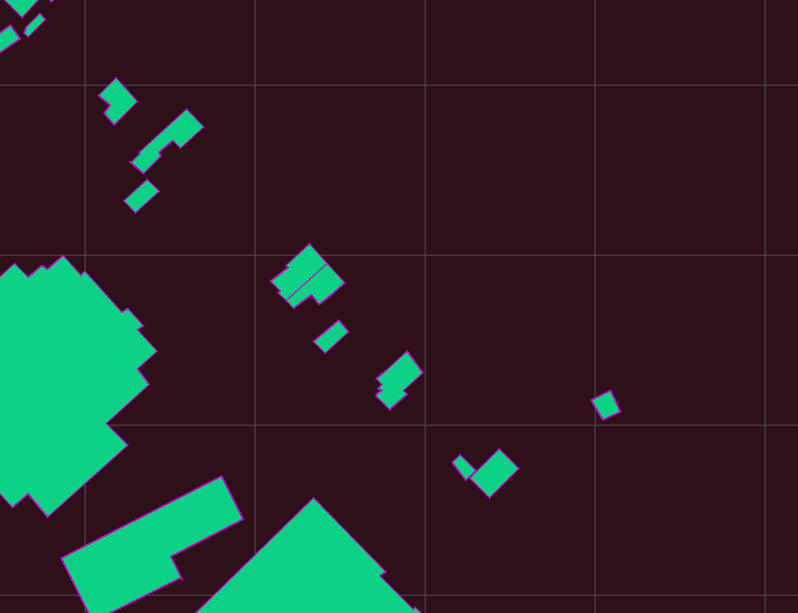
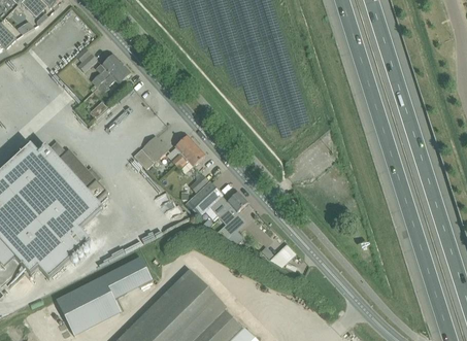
building: none -> [90,53,122,91]
building: none -> [133,136,167,169]
building: none -> [185,181,227,217]

